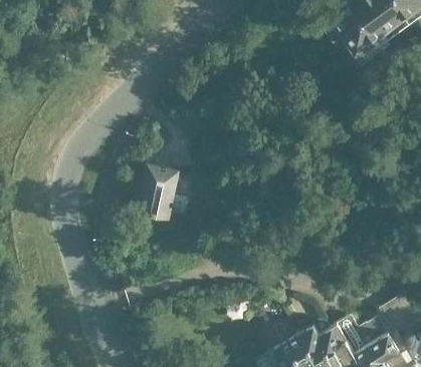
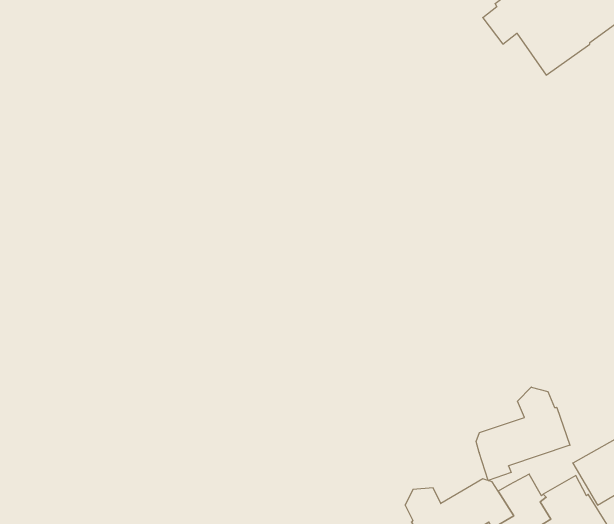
building: [140,172,190,222] -> none
building: none -> [476,387,570,481]

